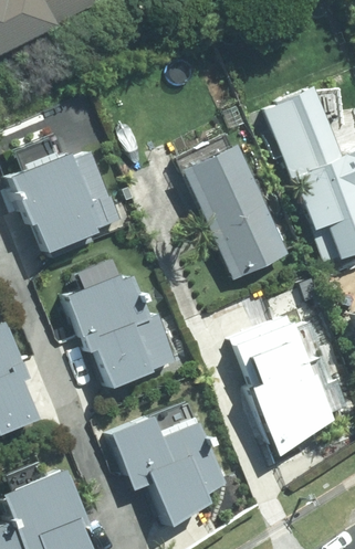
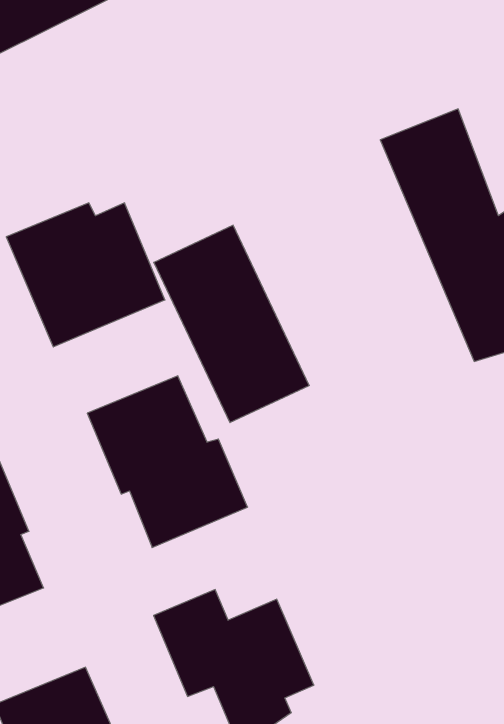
building: [181,144,288,278] -> [154,225,309,423]
building: [230,316,328,454] -> none

